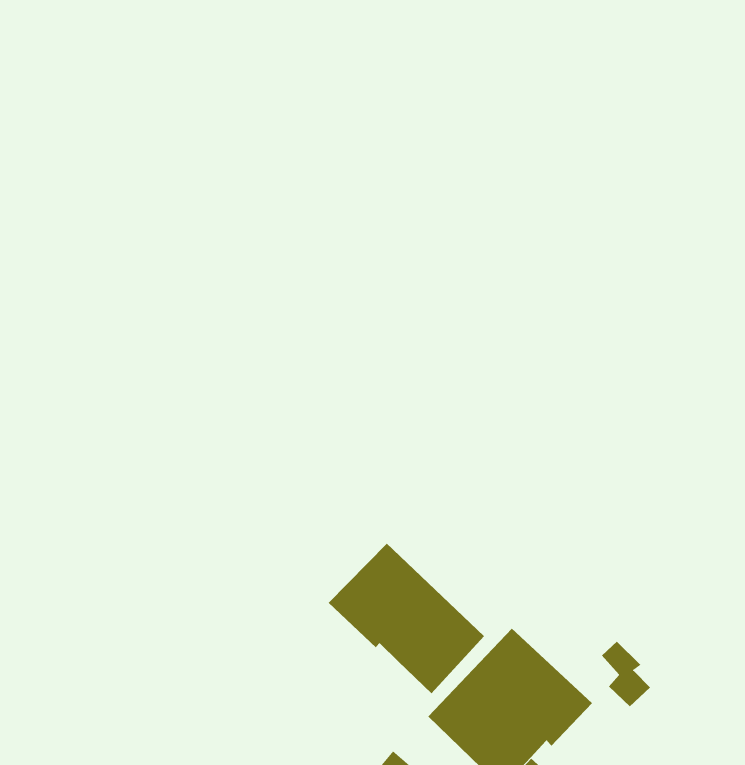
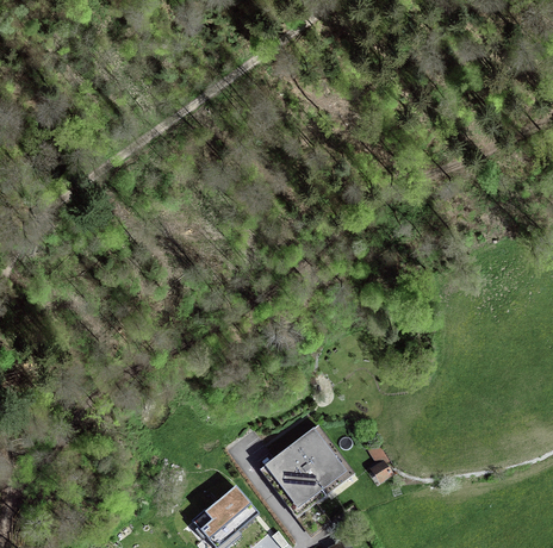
building: [328,543,485,694] -> none

